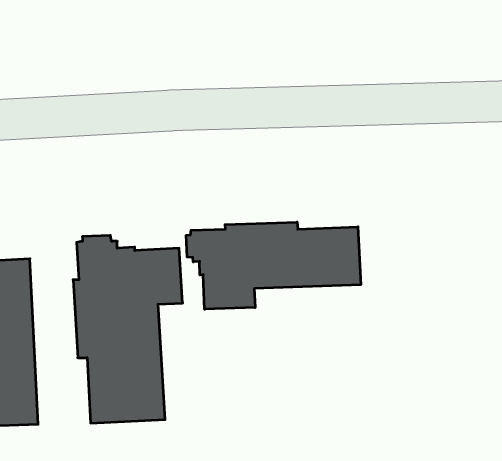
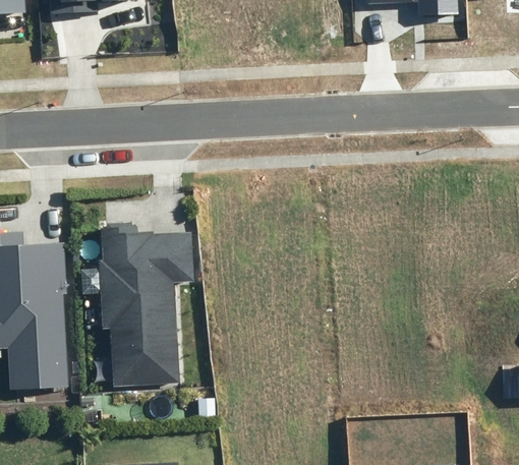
building: [186,222,361,309] -> none

